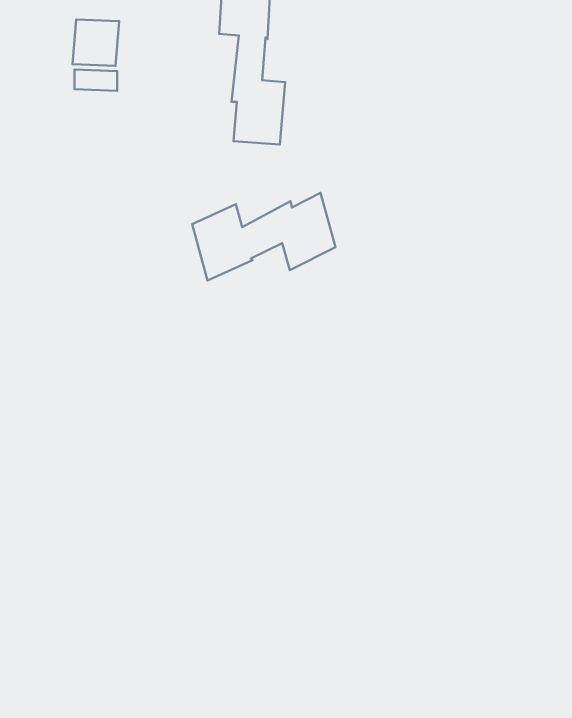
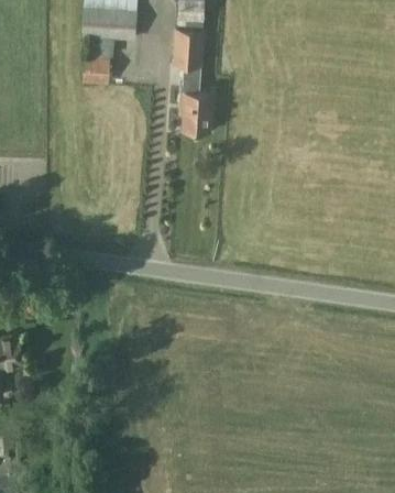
building: [192,193,336,281] -> none

